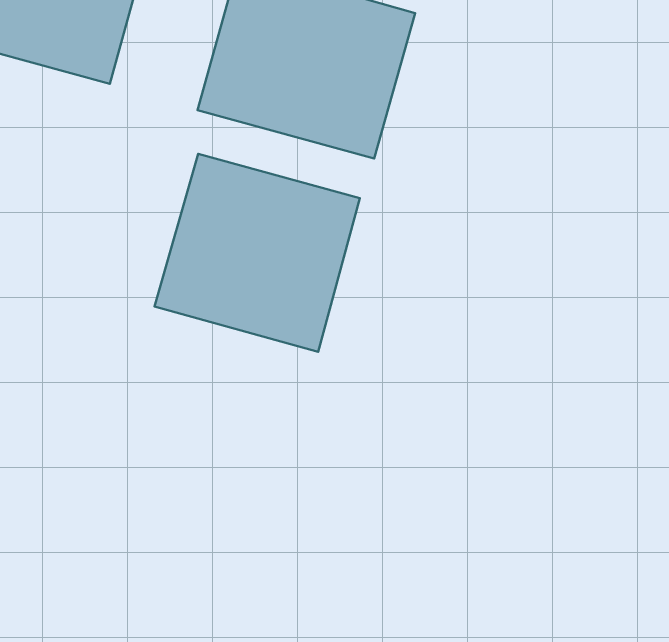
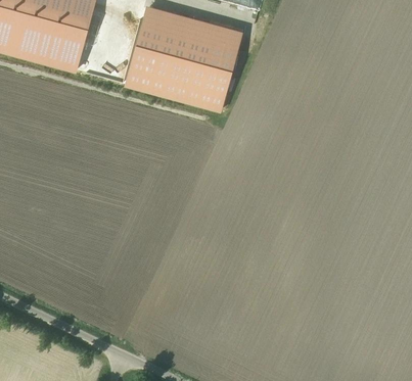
building: [155,154,360,352] -> none

